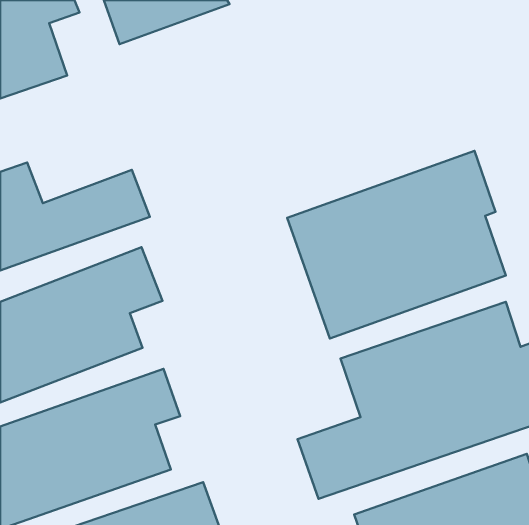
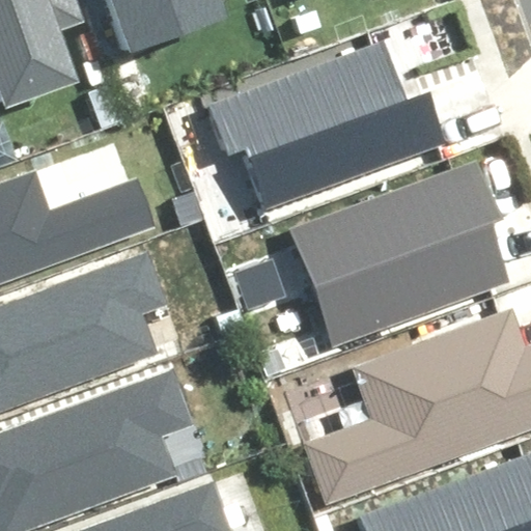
building: none -> [211,43,440,202]

